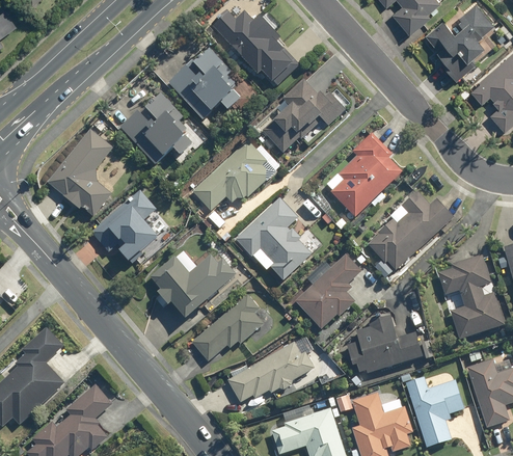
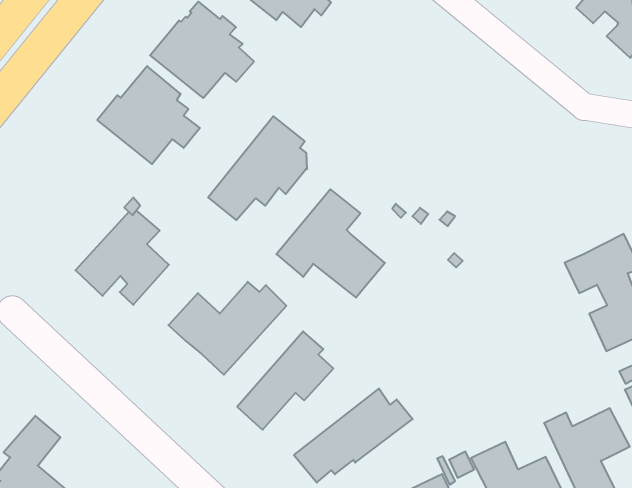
building: [260,79,347,153] -> none
building: [49,128,112,215] -> none
building: [331,135,402,215] -> none
building: [369,190,452,269] -> none
building: [293,254,358,329] -> none
building: [347,312,422,371] -> none

